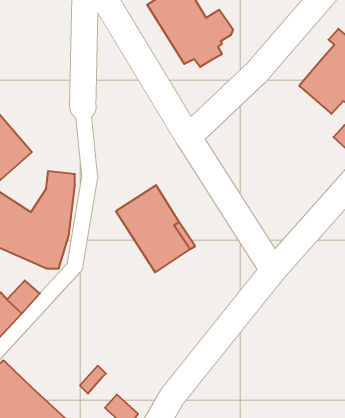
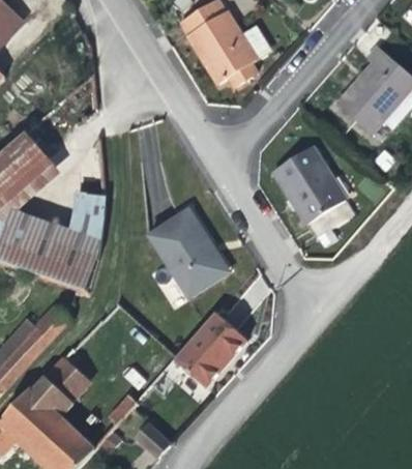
building: none -> [273,145,353,236]
building: none -> [174,311,247,386]
building: none -> [32,347,100,416]

